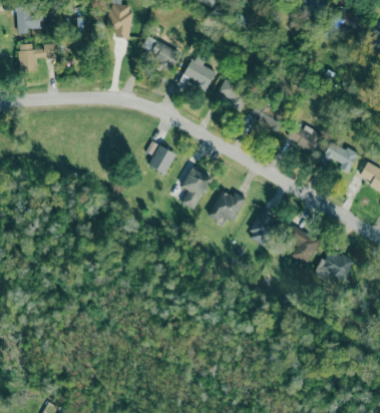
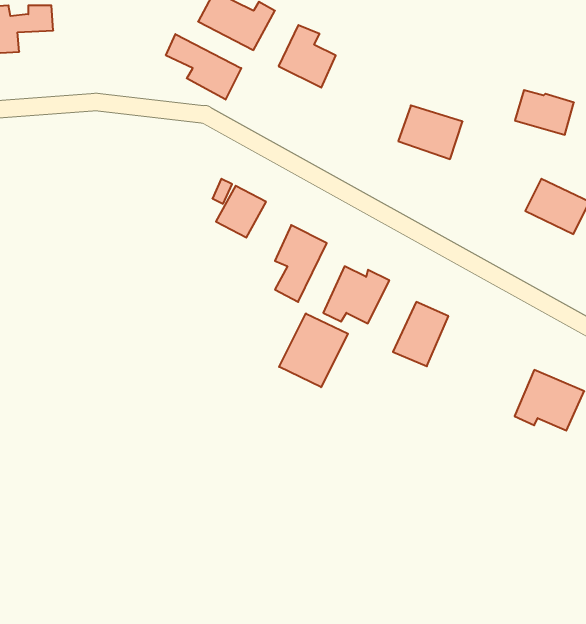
building: none -> [166,34,241,100]
building: [215,79,251,111] -> none
building: [287,125,320,150] -> [515,90,574,135]
building: none -> [279,313,348,387]
building: [287,227,320,271] -> none

